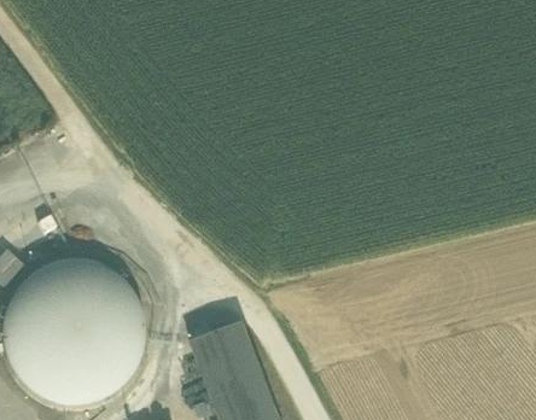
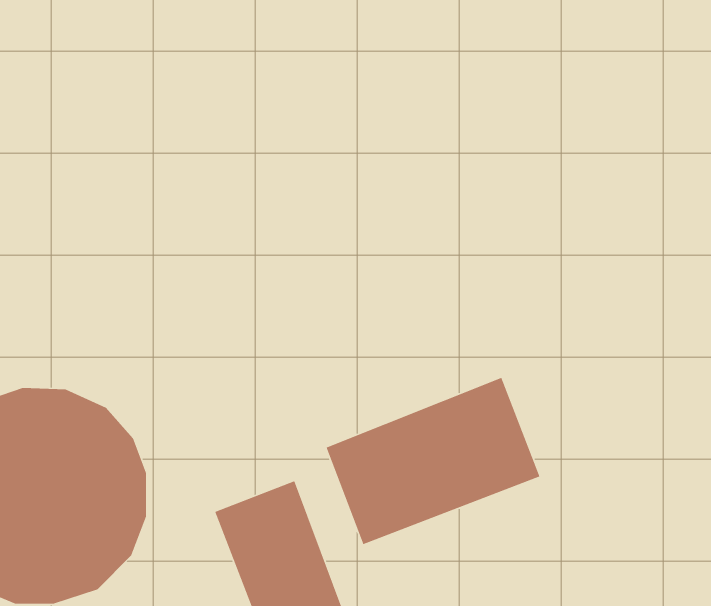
building: none -> [326,377,540,545]

